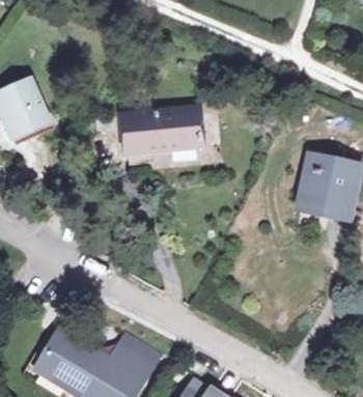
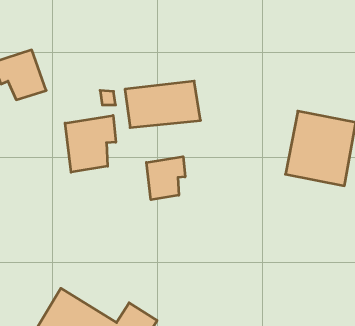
building: none -> [65,115,116,172]
building: none -> [146,157,185,200]

